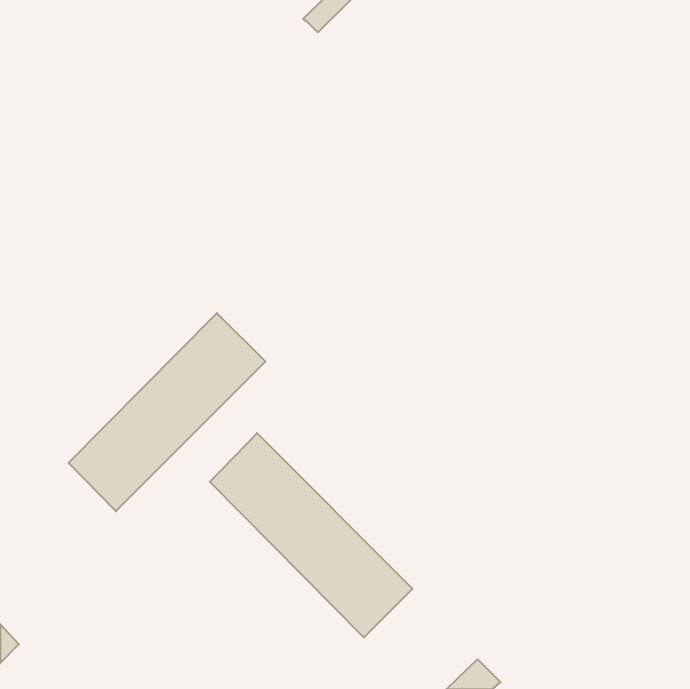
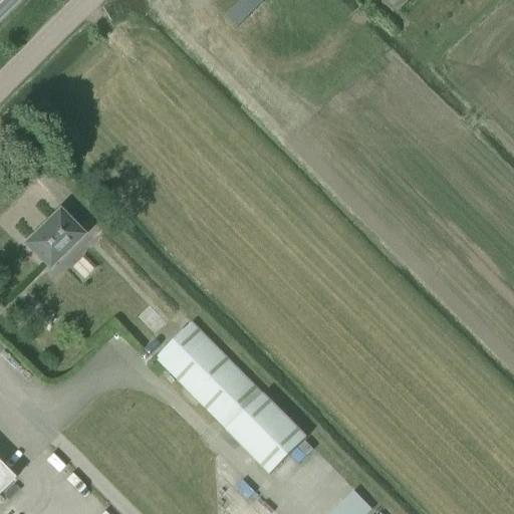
building: none -> [27,211,82,266]
building: [69,313,265,511] -> none

